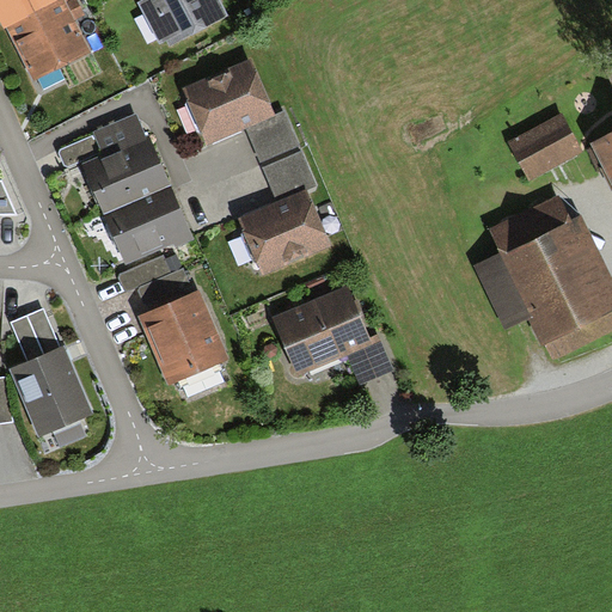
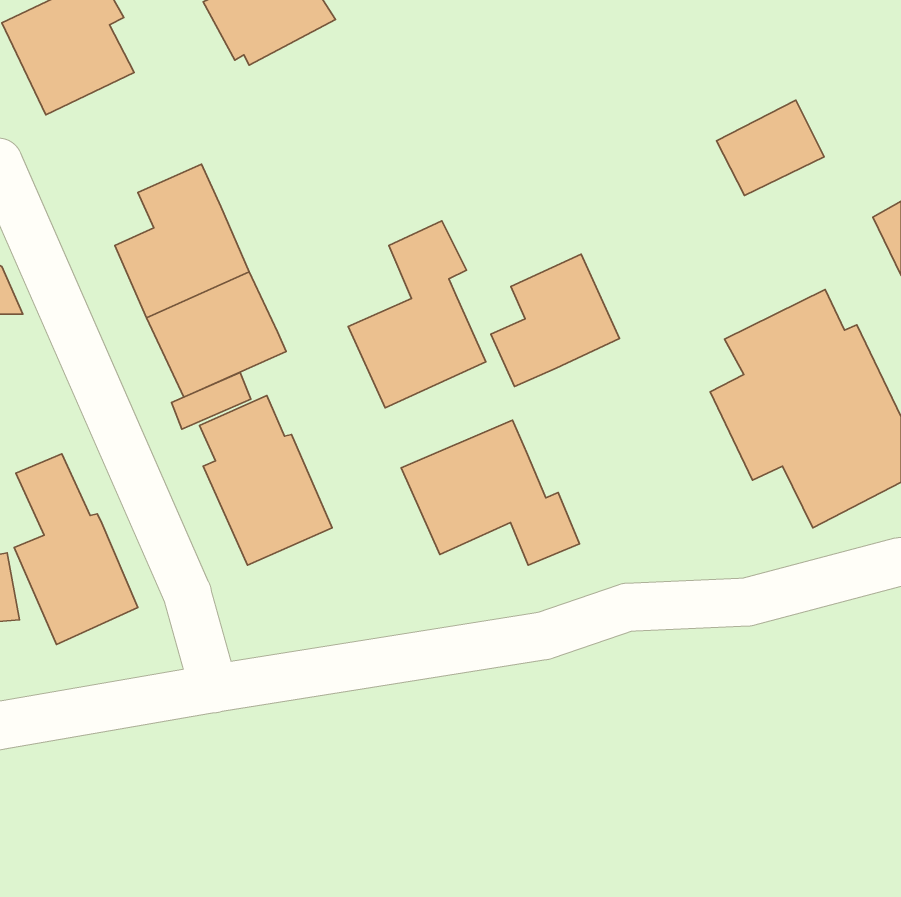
building: [182,62,299,161] -> none
building: [508,114,581,178] -> [716,100,824,196]
building: none -> [491,254,619,387]

